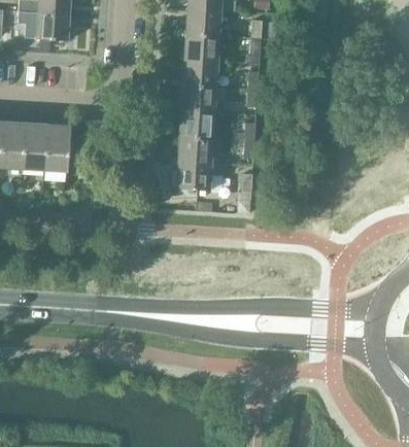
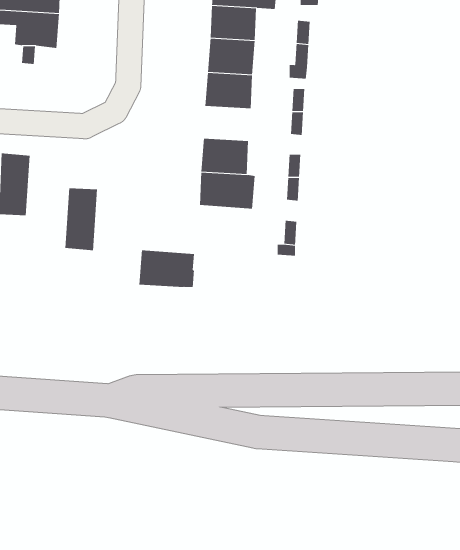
building: [180,85,225,113] -> none
building: [44,124,70,172] -> [64,188,98,251]
building: [175,162,218,191] -> [139,250,195,287]

